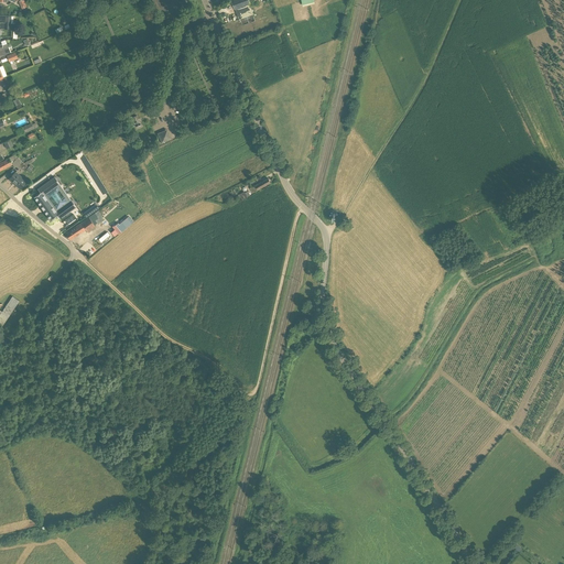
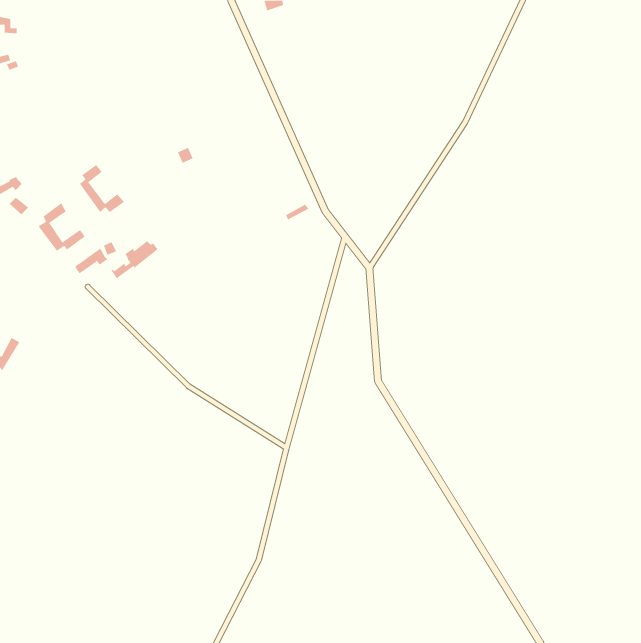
building: none -> [79,164,125,213]

